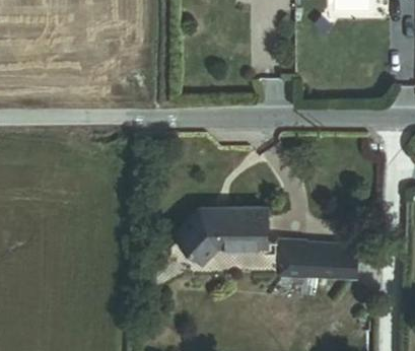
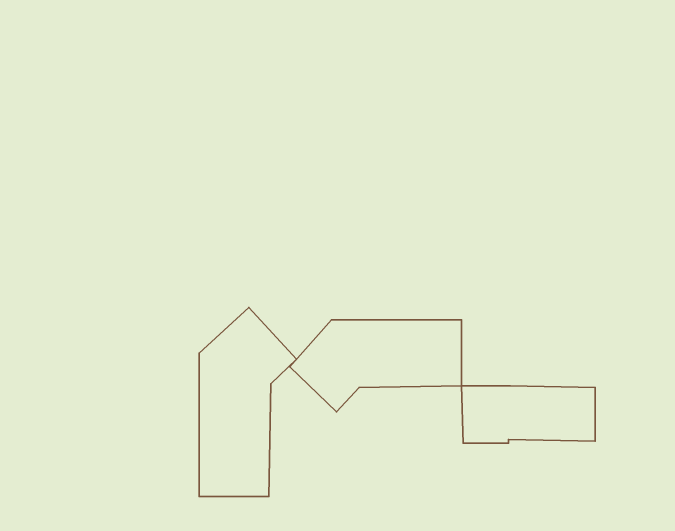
building: none -> [199,308,296,496]

